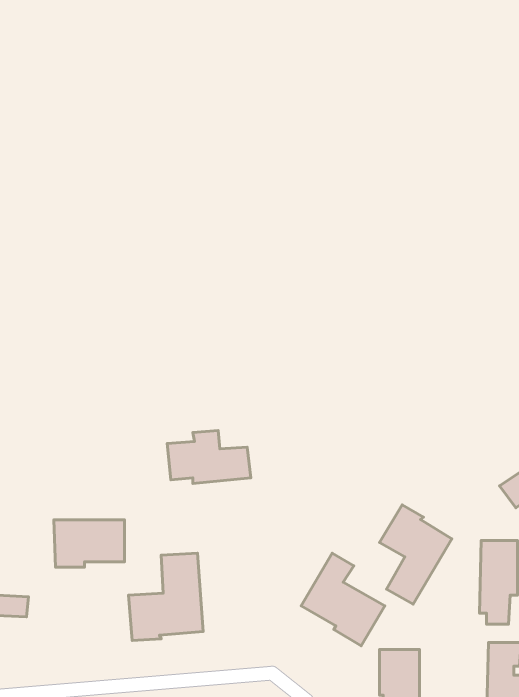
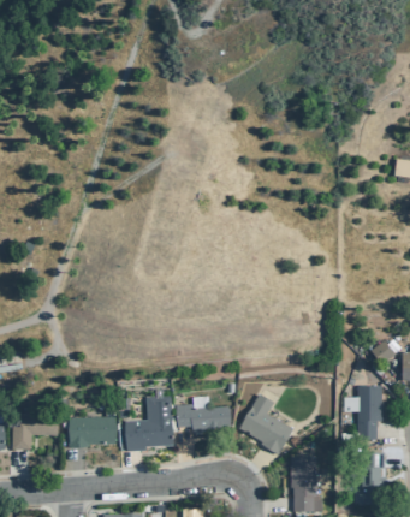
building: [167,431,251,483] -> [176,396,231,430]
building: [379,505,452,604] -> none
building: [54,520,125,567] -> [69,417,115,448]

